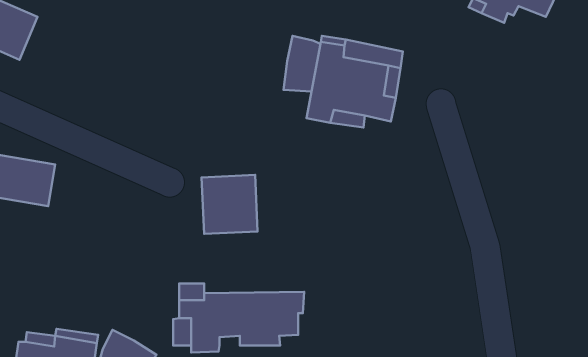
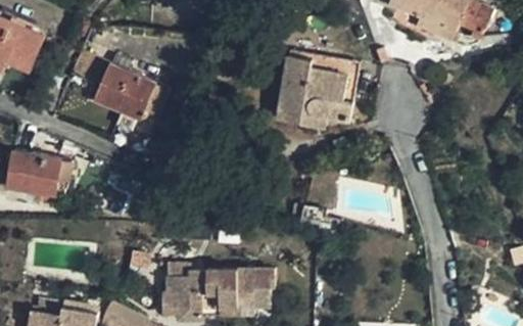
building: [283,36,320,91] -> none
building: none -> [93,63,154,119]
building: [202,175,257,234] -> none

